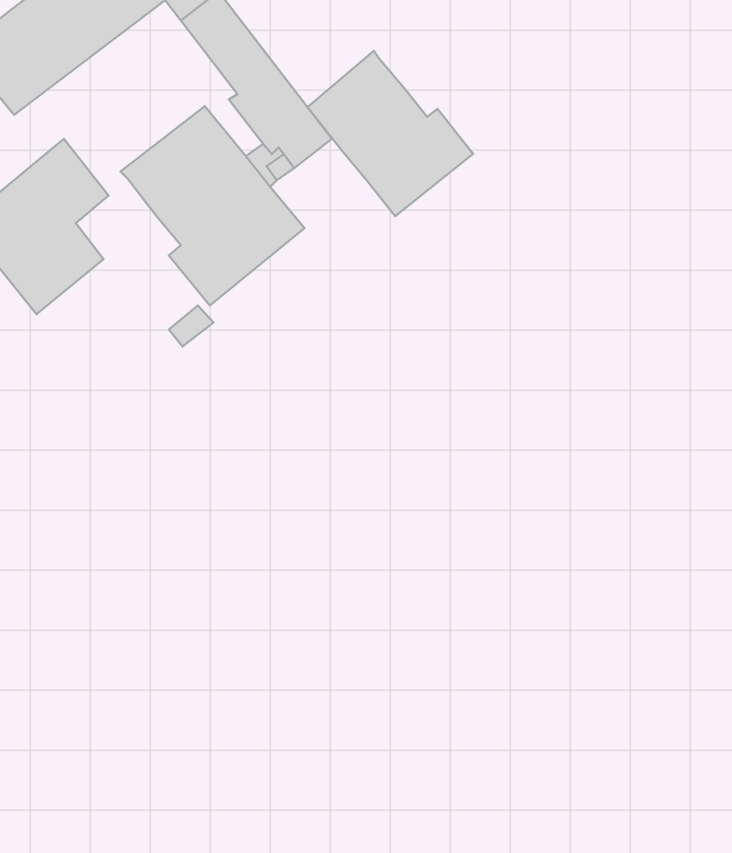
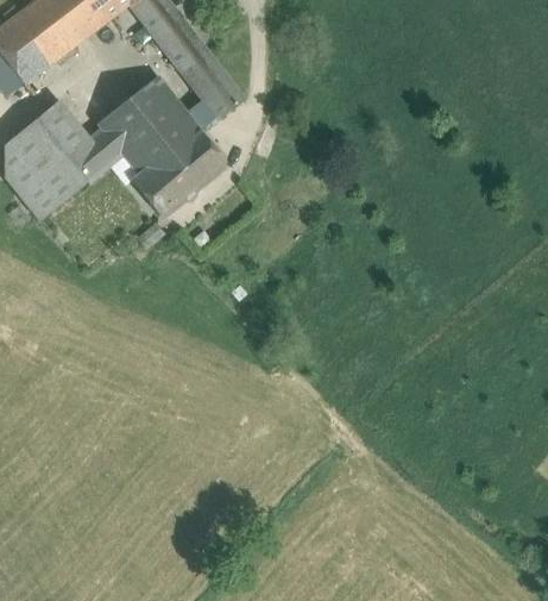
building: [308,51,473,216] -> none
building: none -> [68,126,124,182]

